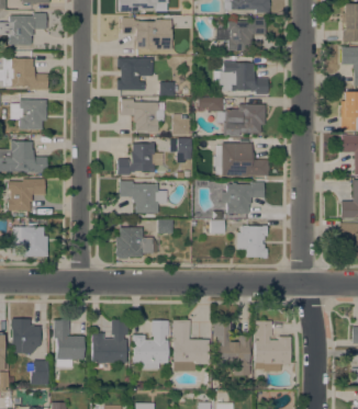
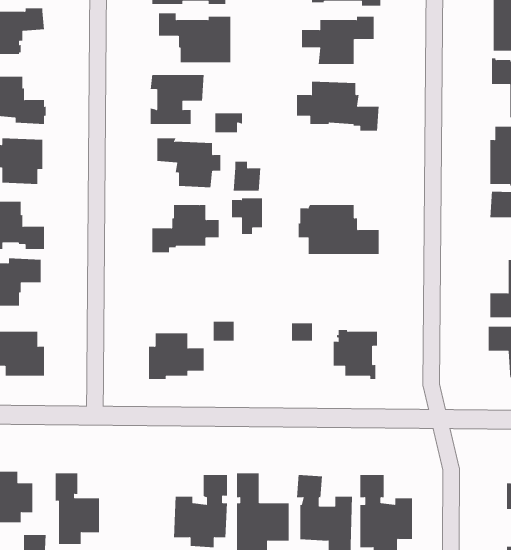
building: [200,99,266,136] -> none
building: [121,181,167,214] -> none
building: [223,182,265,214] -> none
building: [93,320,128,363] -> none

